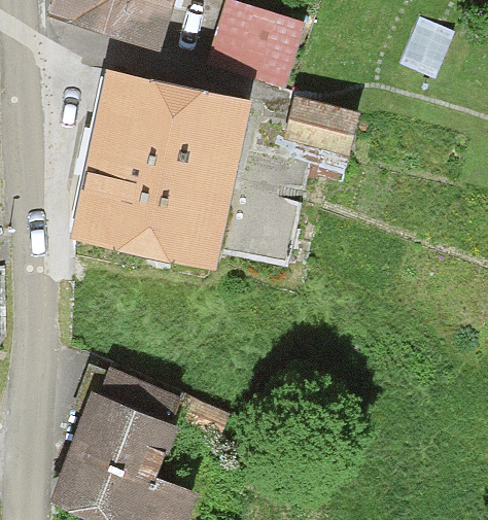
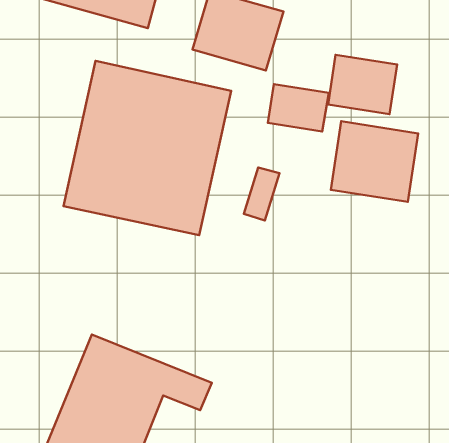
building: none -> [328,55,397,114]
building: none -> [331,121,418,202]

